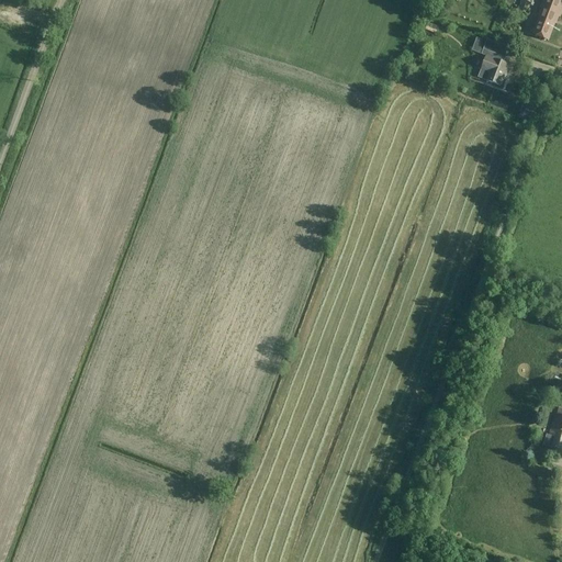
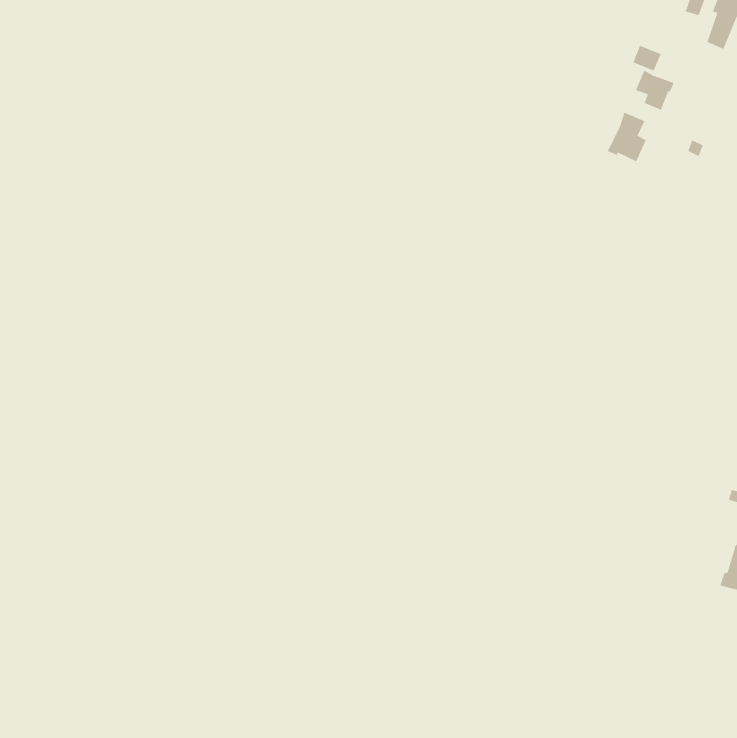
building: none -> [607,112,646,162]

